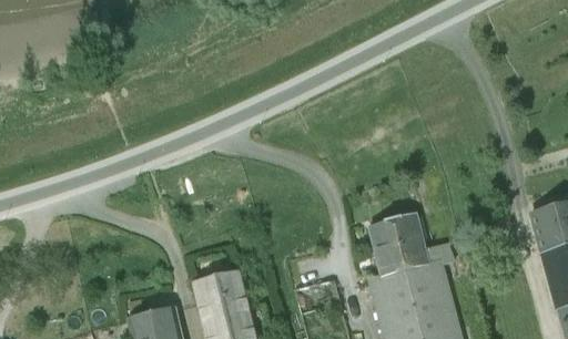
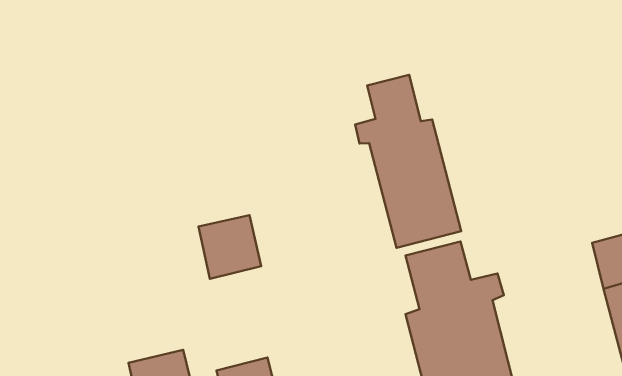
building: none -> [355,75,461,248]
building: [194,270,248,326] -> [198,215,261,279]

